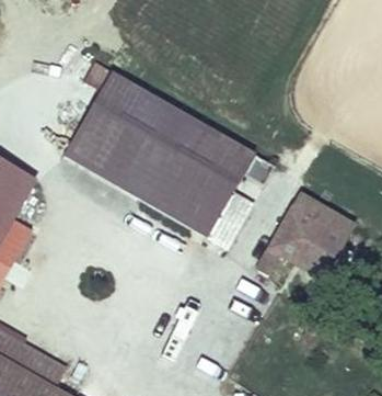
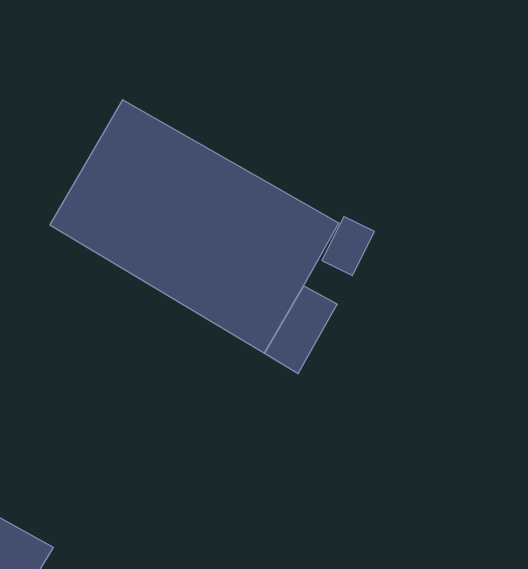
building: [256,193,350,278] -> none

